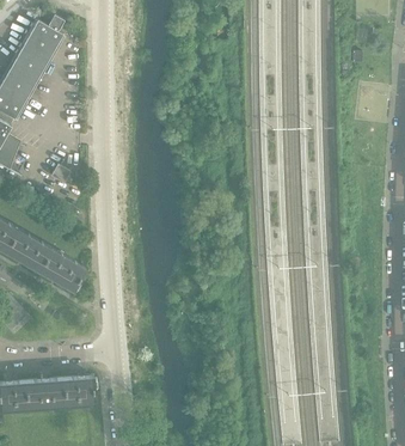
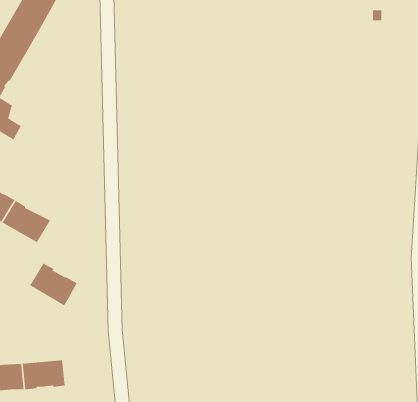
building: [37,249,82,289] -> [29,262,78,306]
building: [61,377,92,404] -> none

